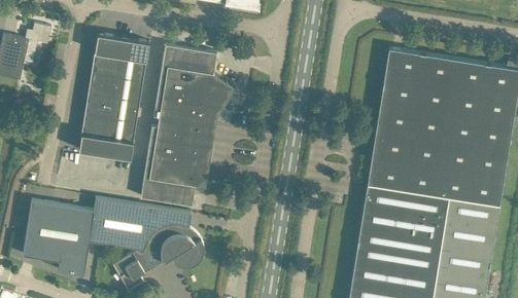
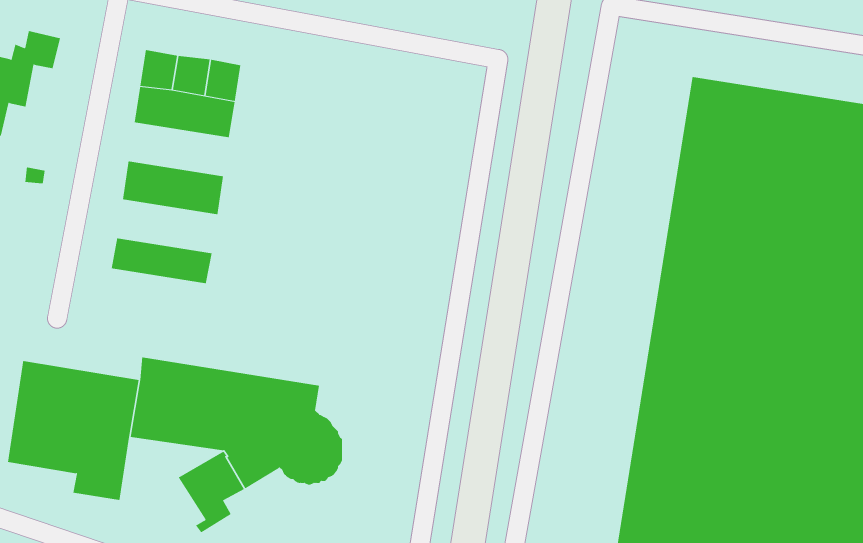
building: [140,43,235,203] -> none
building: [88,71,142,100] -> none
building: [81,112,136,141] -> none

